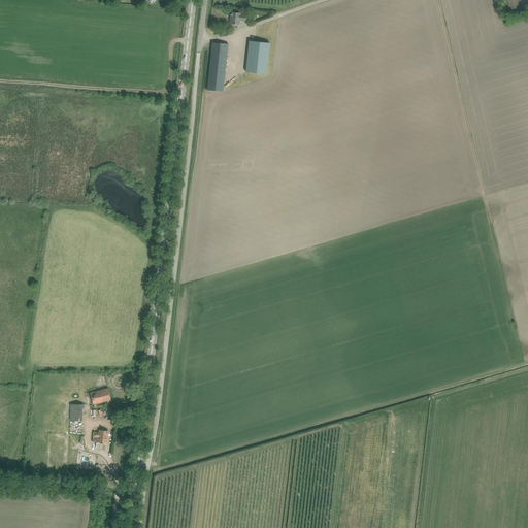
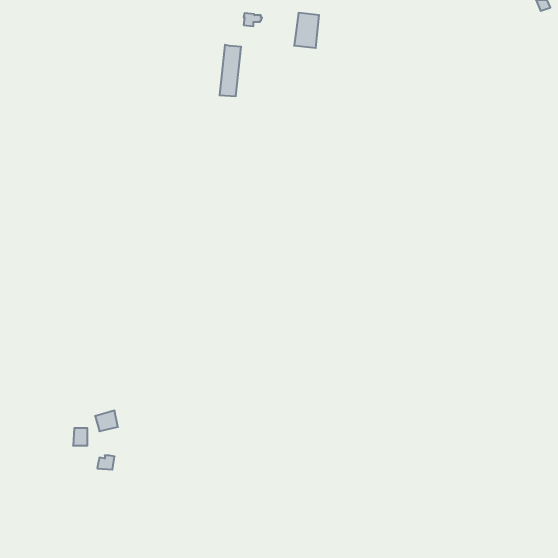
building: [245,41,269,74] -> [294,13,319,48]

